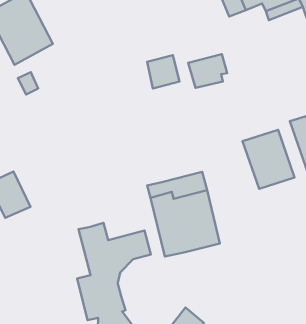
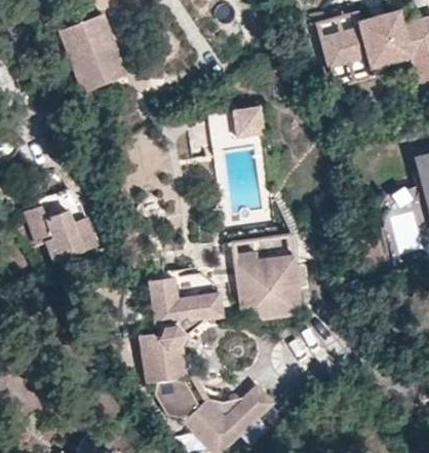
building: [188,54,227,88] -> none
building: [243,130,294,189] -> none

